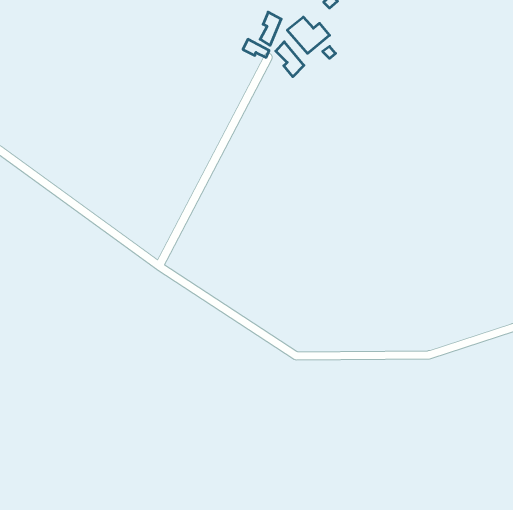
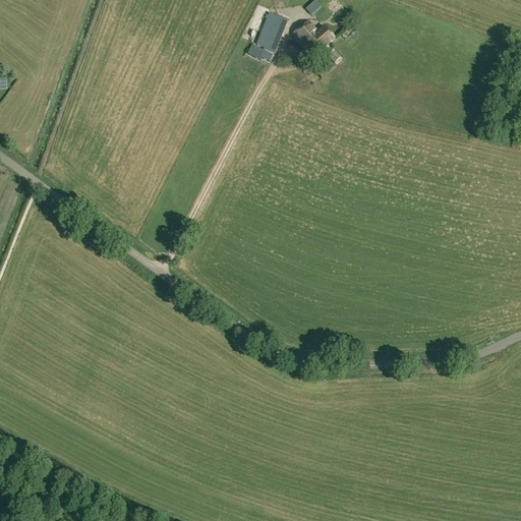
building: [276,42,304,77] -> none

